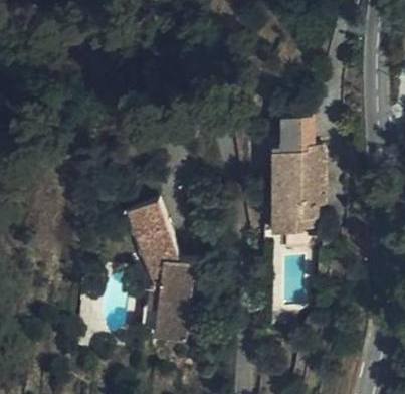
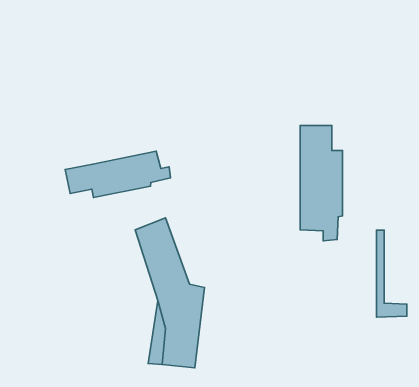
building: none -> [65,151,171,198]
building: [275,148,303,228] -> [376,230,407,317]

